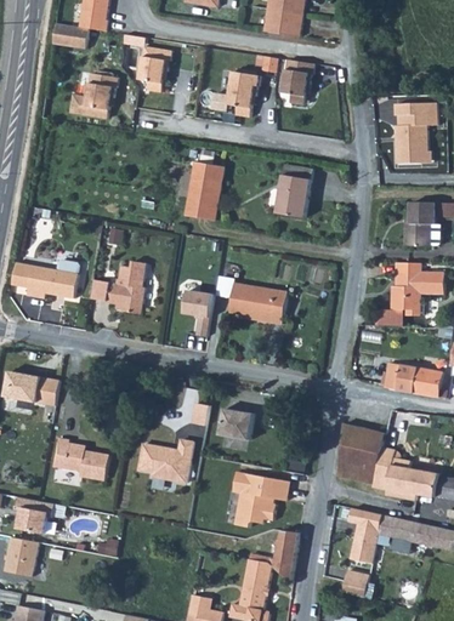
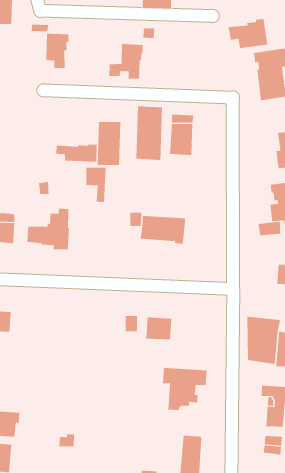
building: [283,59,314,106] -> none
building: none -> [228,18,268,49]
building: [85,74,118,119] -> none
building: none -> [136,105,163,161]
building: none -> [56,144,97,163]
building: [183,290,211,336] -> [85,167,106,203]
building: [52,438,108,480] -> none
building: [137,439,192,483] -> none
building: [266,528,299,577] -> none

